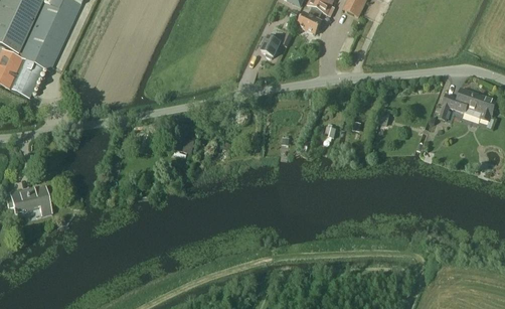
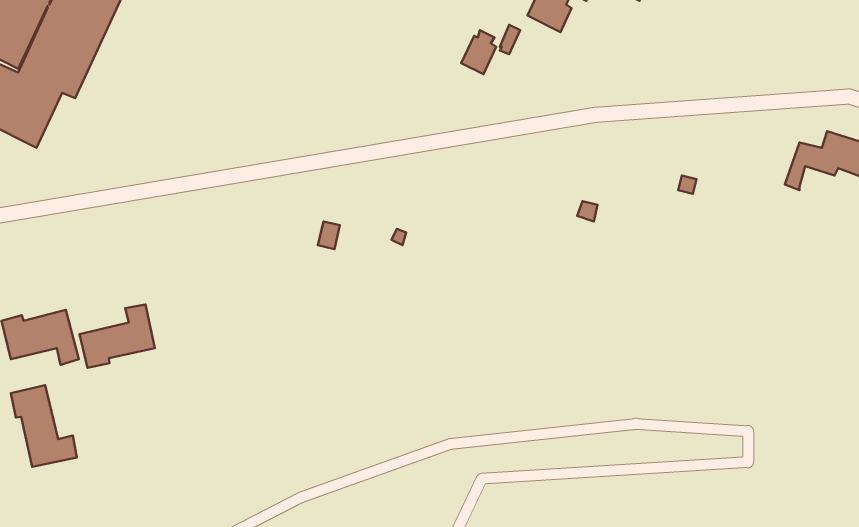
building: none -> [79,304,155,368]
building: none -> [11,385,77,467]

